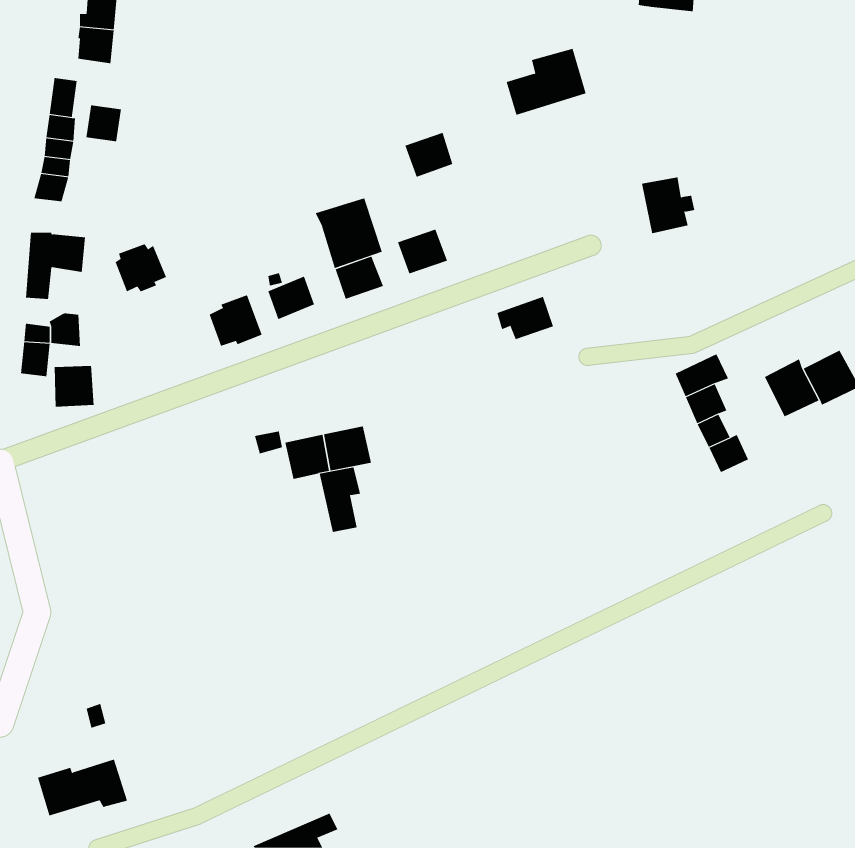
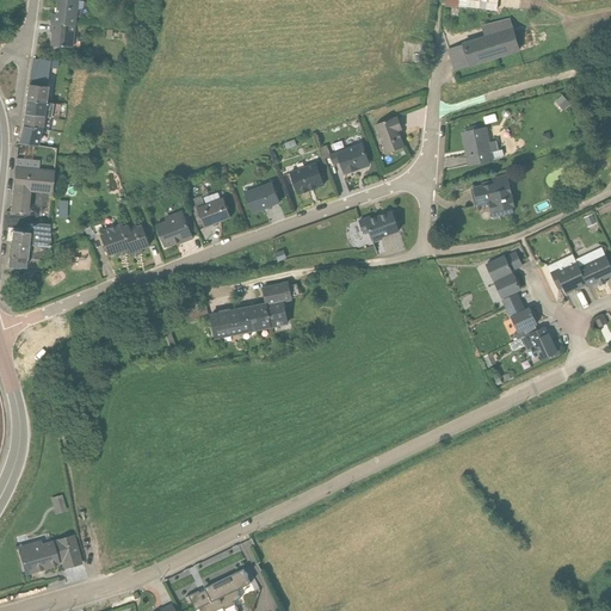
building: [506,48,587,115] -> [461,16,518,63]
building: [86,105,121,142] -> none
building: [404,132,453,177] -> [332,142,366,174]
building: none -> [372,113,402,152]
building: [315,198,382,269] -> none
building: [115,244,167,292] -> [110,221,147,255]
building: none -> [470,173,513,217]
building: [54,365,94,408] -> none
building: none -> [524,328,556,363]
building: [319,467,361,533] -> [258,282,288,328]

